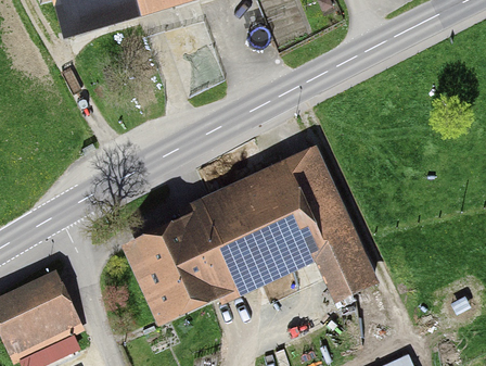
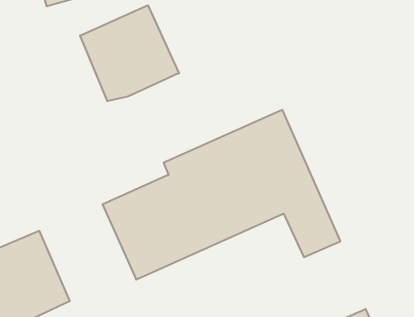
building: none -> [80,5,179,101]

